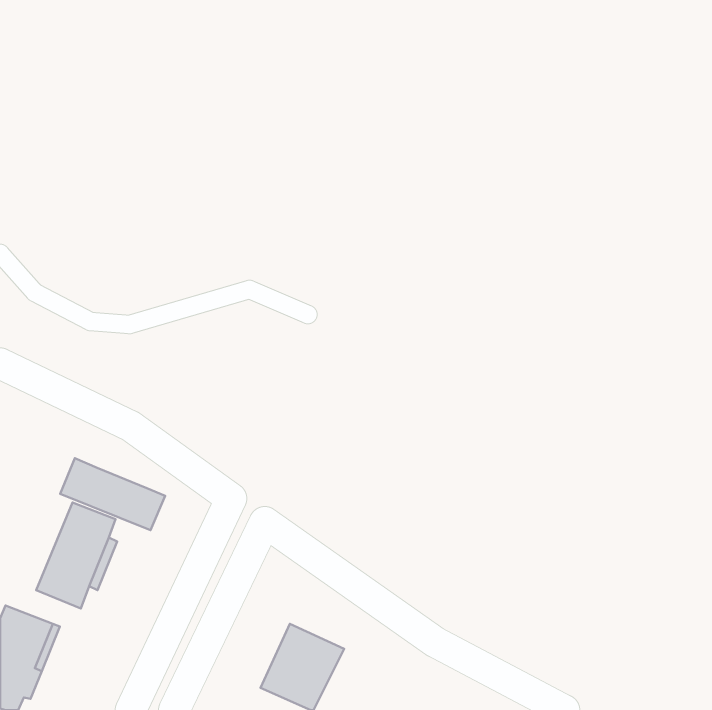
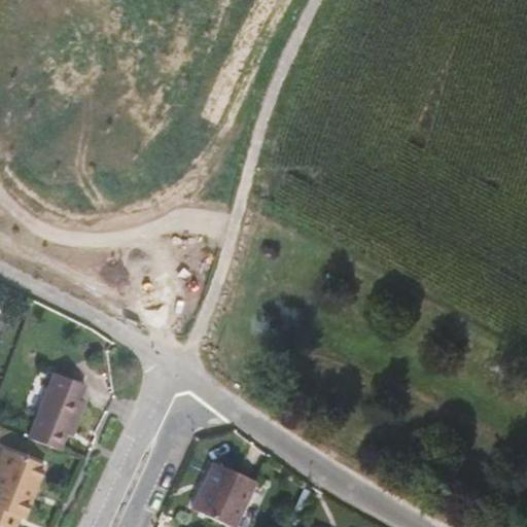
building: [60,458,165,530] -> none

